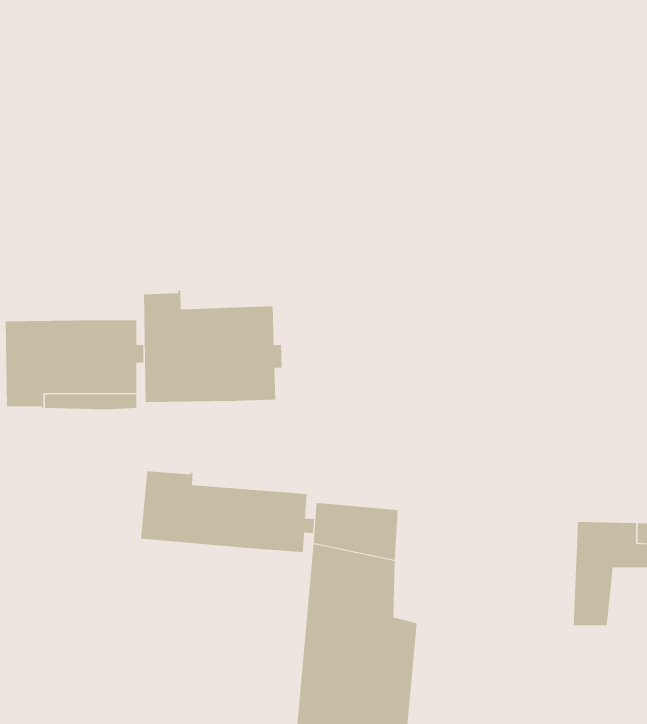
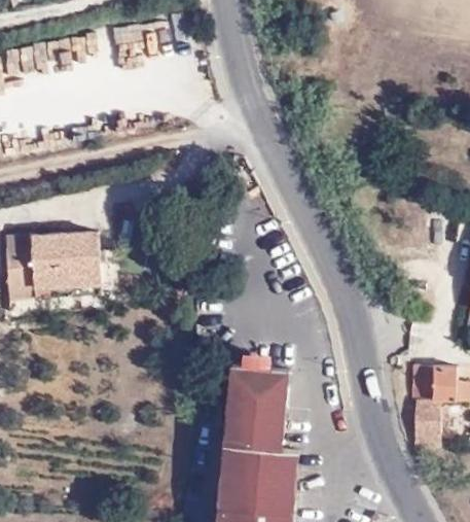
building: [144,289,282,403] -> none
building: [141,470,314,553] -> none

